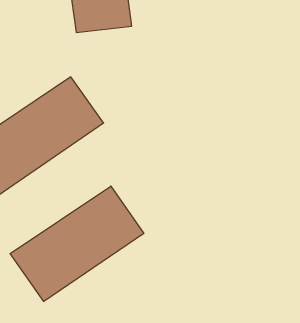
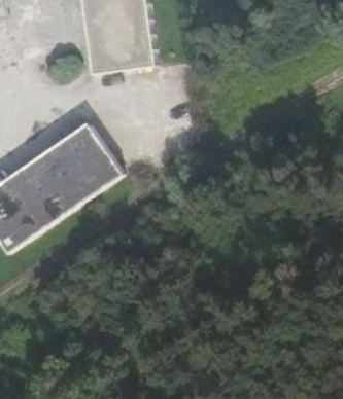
building: [10,186,144,302] -> none

